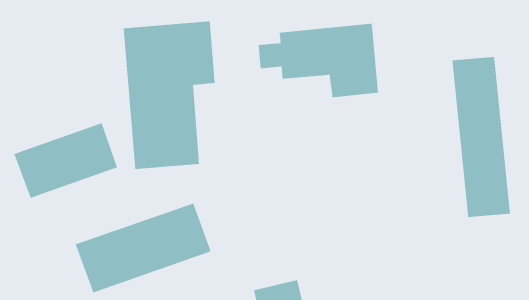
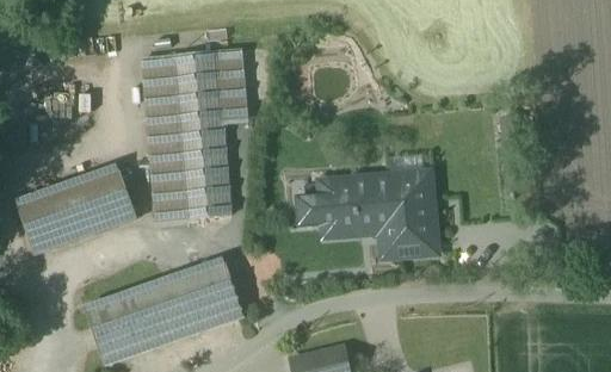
building: [258,23,379,98] -> [297,172,436,258]
building: [452,56,510,218] -> none

